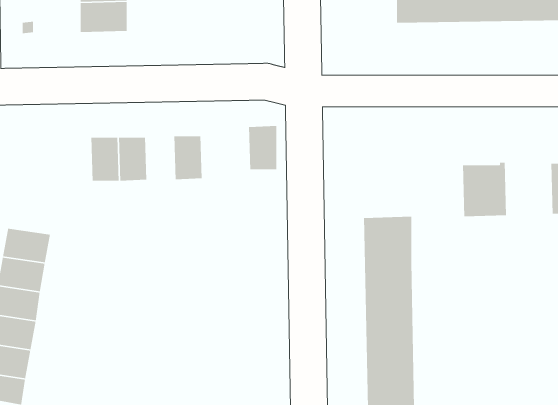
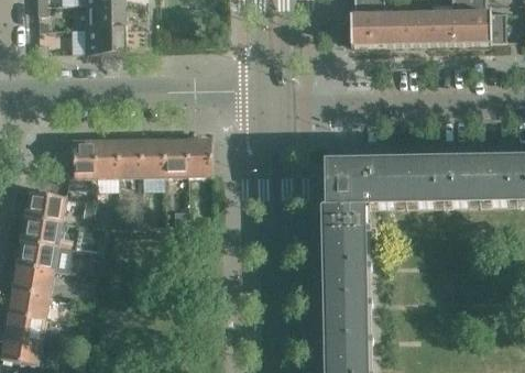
building: [248,125,277,170] -> [187,135,211,173]
building: none -> [141,136,165,174]
building: none -> [73,138,96,175]
building: none -> [441,158,480,204]
building: none -> [329,161,406,205]
building: none -> [25,188,66,219]

